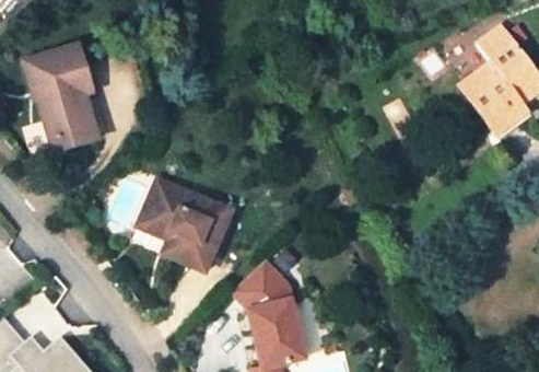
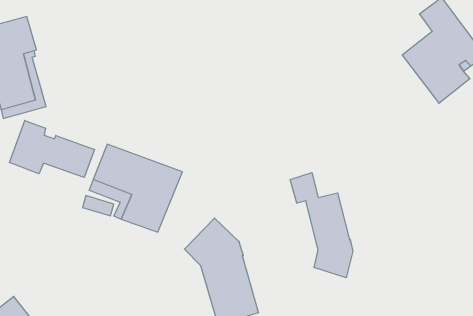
building: none -> [10,120,94,177]
building: none -> [290,173,353,278]

